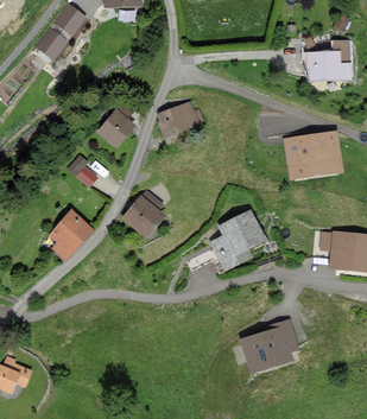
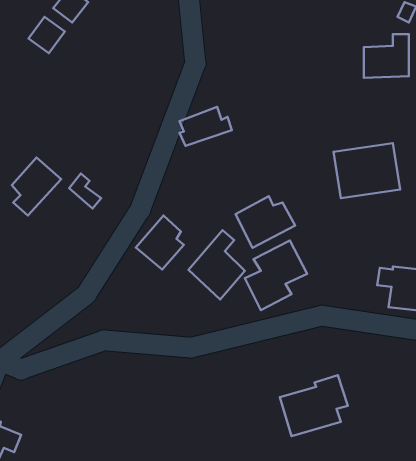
building: [99,103,133,146] -> none
building: none -> [236,196,295,248]
building: none -> [188,230,245,300]
building: [51,211,91,259] -> [12,157,61,216]

